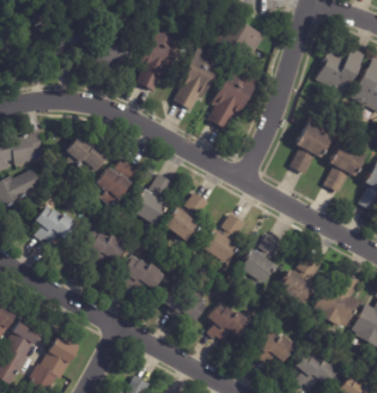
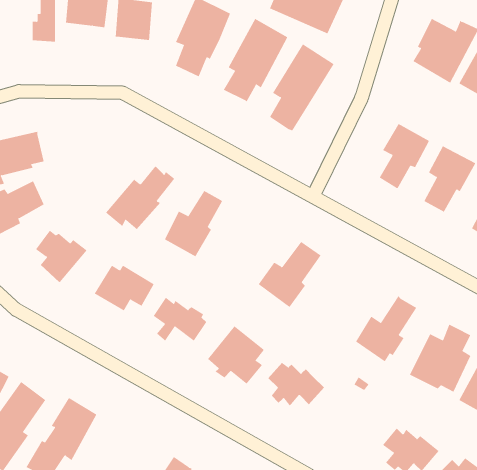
building: [61,138,105,176] -> none
building: [160,193,208,241] -> none
building: [235,234,284,289] -> none
building: [251,326,294,368] -> none

